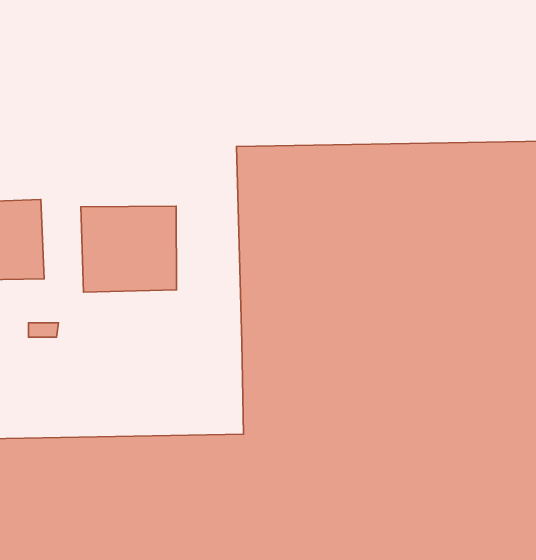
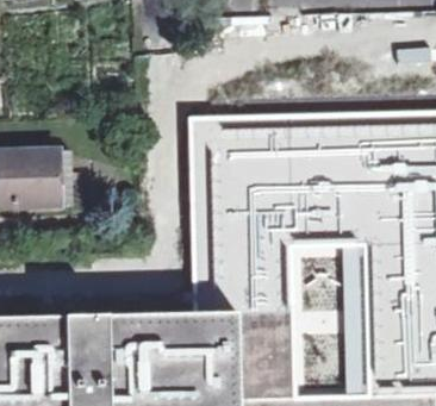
building: [81,206,177,292] -> none

